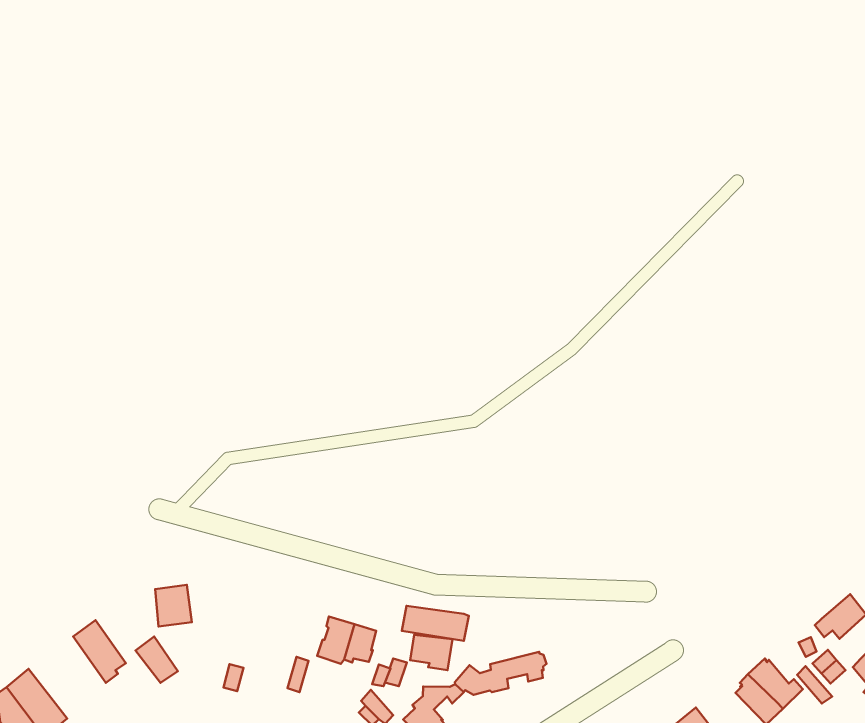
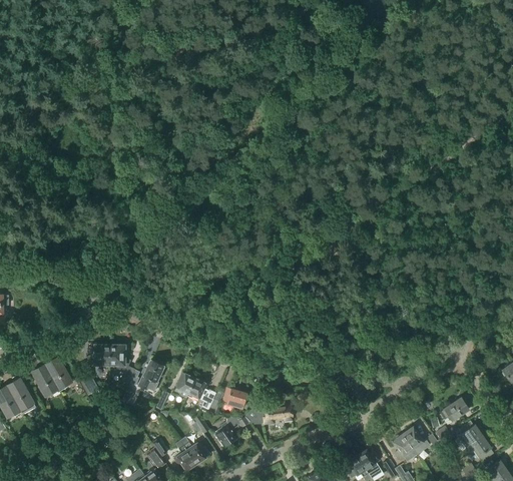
building: none -> [109,345,135,385]
building: none -> [138,359,163,390]
building: [402,606,469,641] -> none
building: none -> [32,364,58,396]

